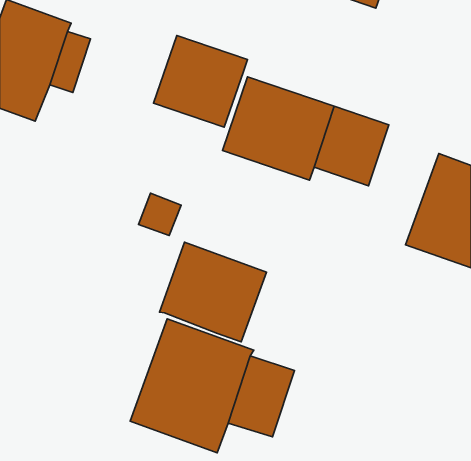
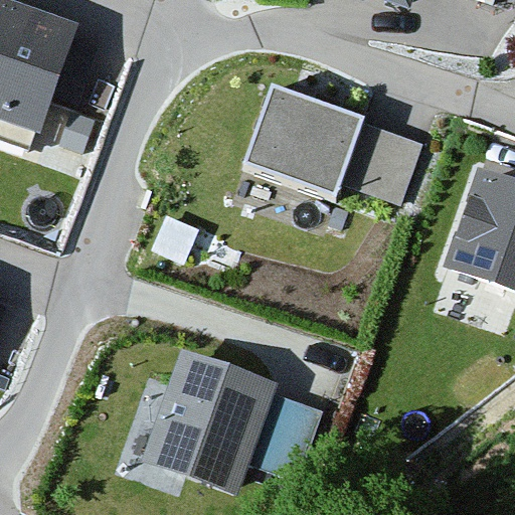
building: [154,36,247,127] -> none
building: [159,242,266,342] -> none

